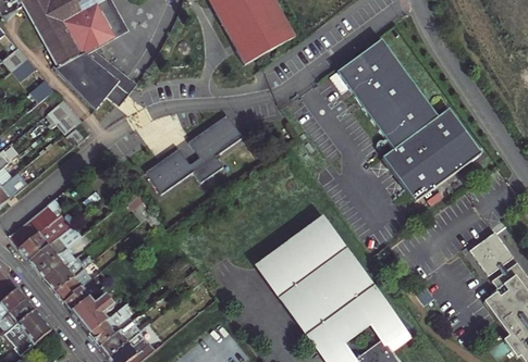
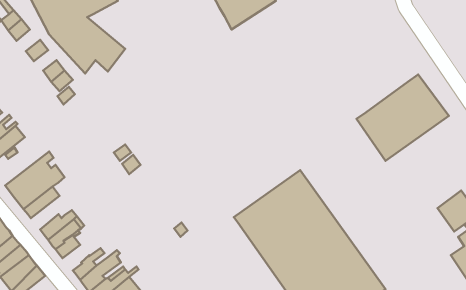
building: [328,42,437,153] -> none
building: [148,114,242,190] -> none
building: [36,241,72,277] -> none
building: [70,290,110,321] -> none

